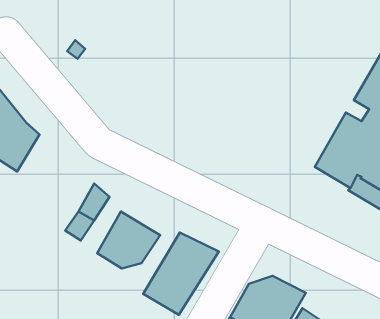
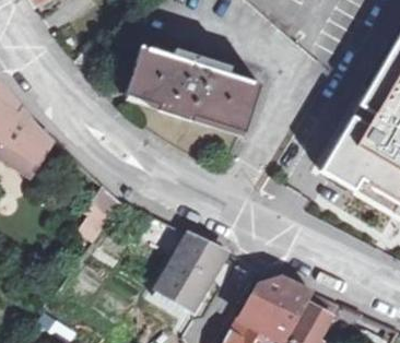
building: none -> [125,43,259,129]
building: [97,212,160,269] -> none

